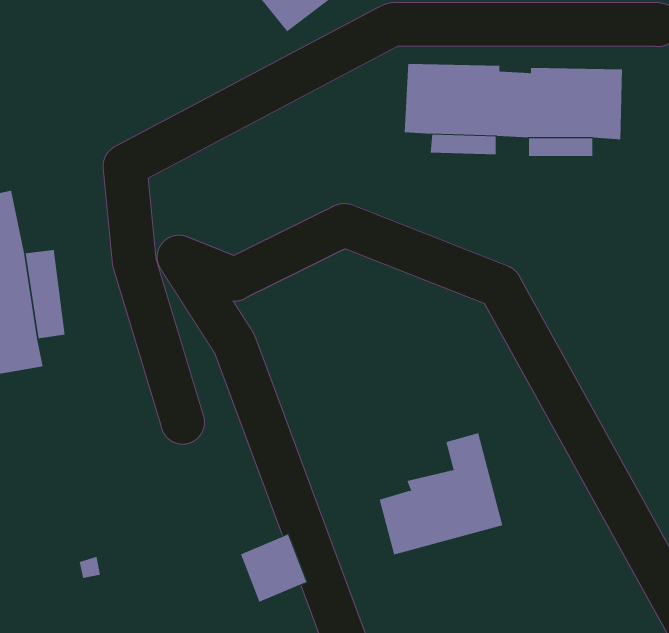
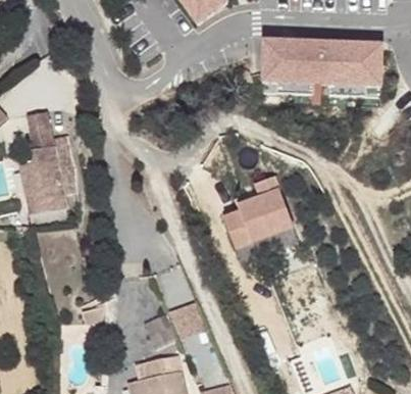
building: [379,433,503,555] -> [233,183,301,250]

